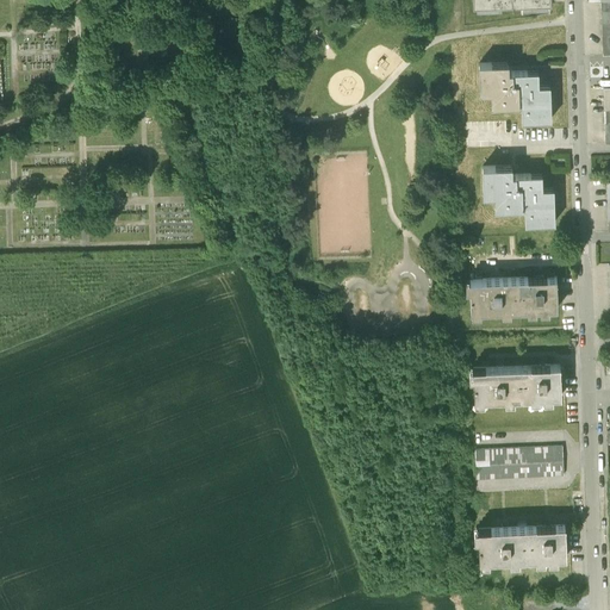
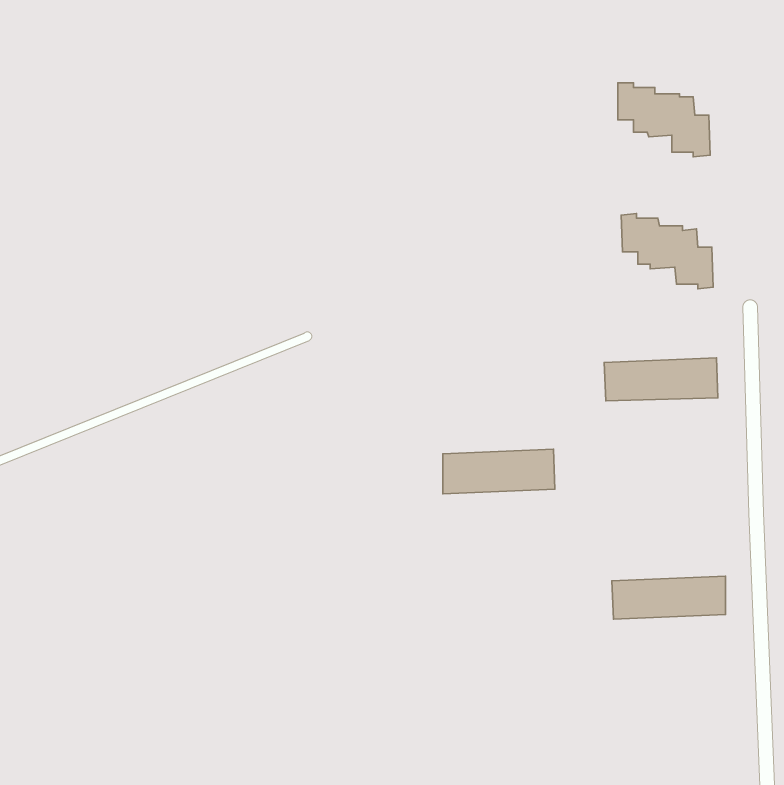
building: [473,366,560,400] -> [443,449,555,494]
building: [478,528,565,561] -> none

